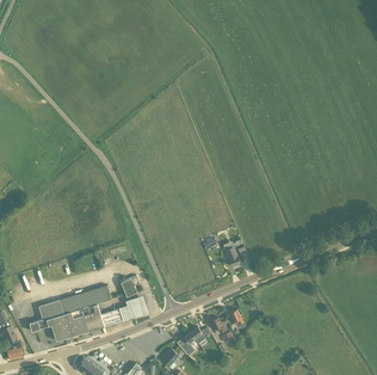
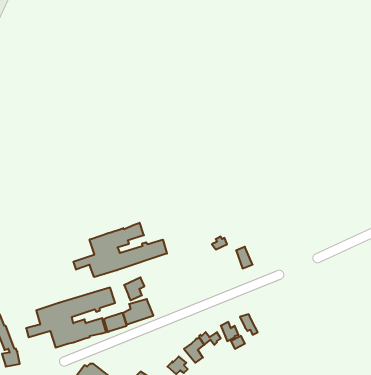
building: none -> [73,223,167,277]

